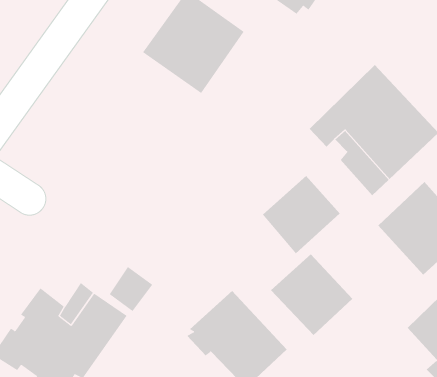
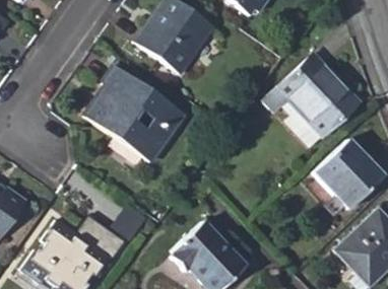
building: none -> [84,65,178,159]
building: [262,175,340,254] -> none
building: [270,253,353,336] -> none

